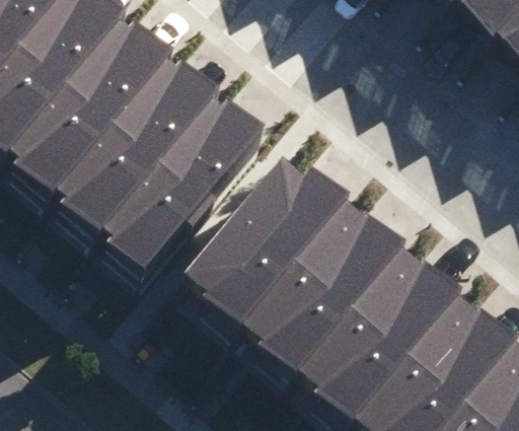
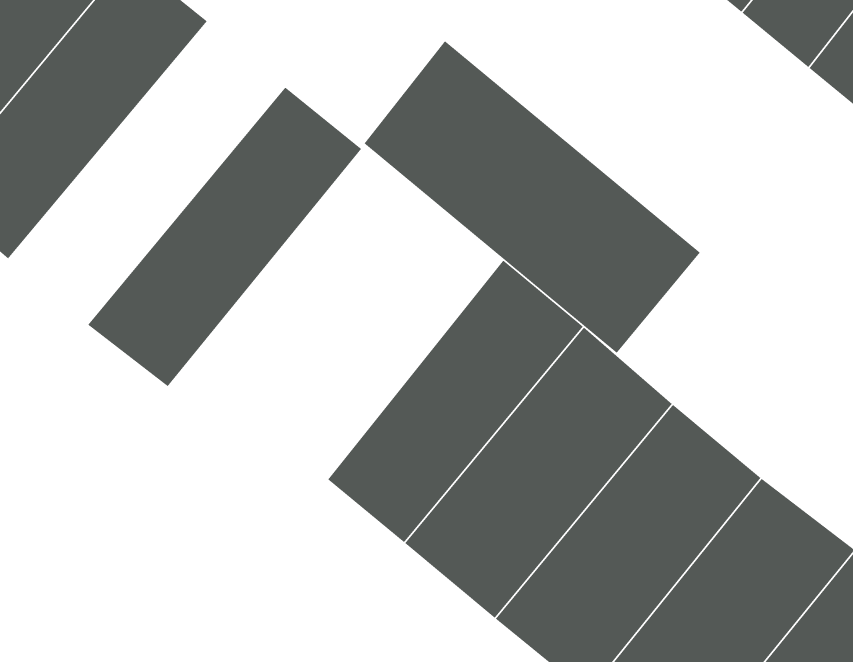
building: [6,15,173,199] -> none
building: none -> [363,40,701,354]
building: [102,92,265,273] -> none

